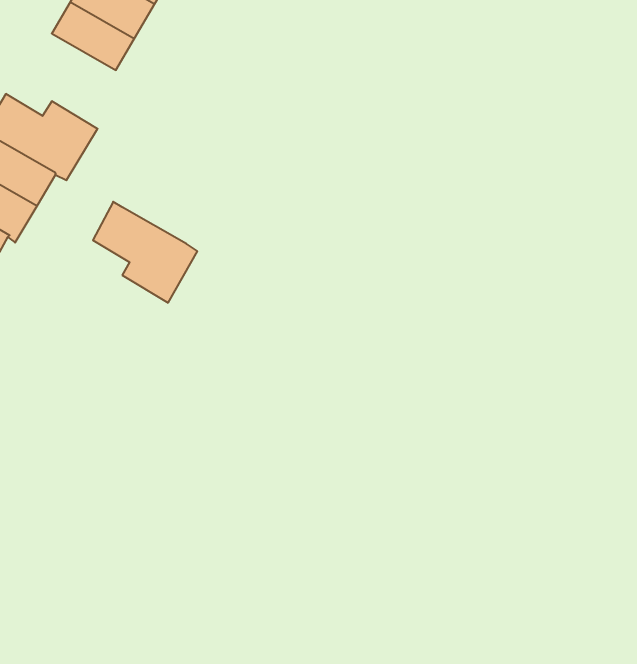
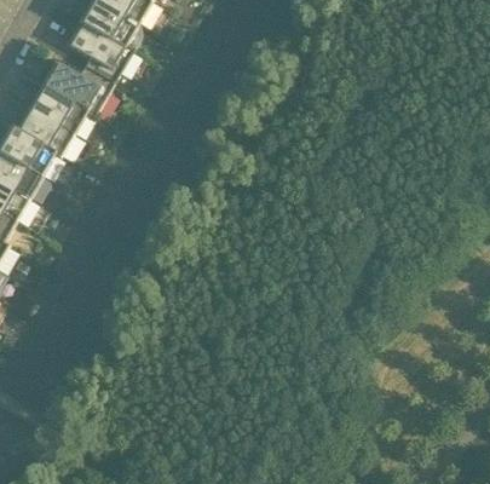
building: [93,202,197,303] -> [62,19,131,86]

